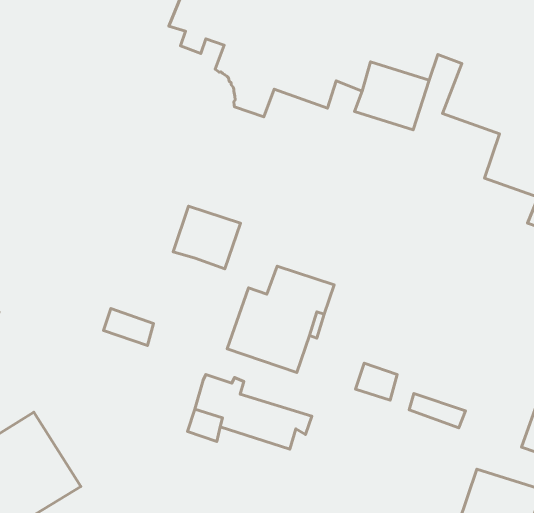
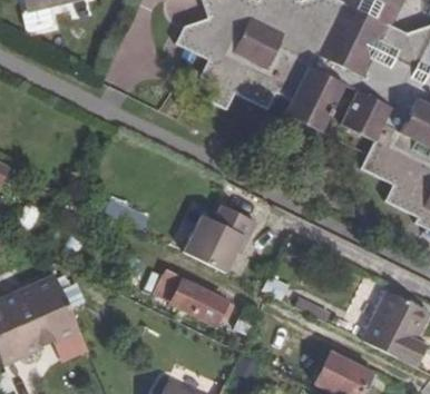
building: [173,206,240,269] -> none

